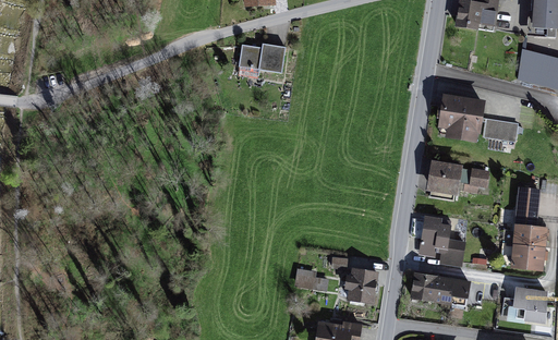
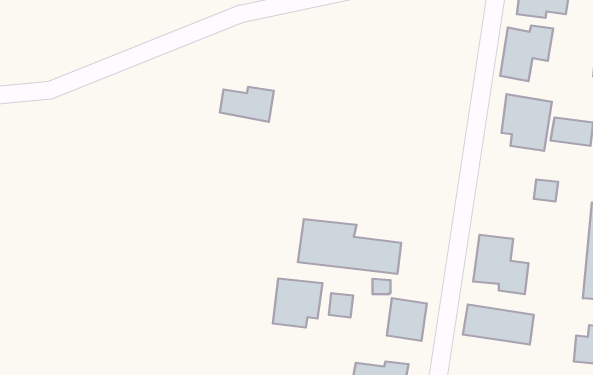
building: none -> [500,25,553,81]
building: [240,44,286,73] -> [220,87,274,122]
building: [427,160,461,194] -> none
building: none -> [298,219,401,274]
building: none -> [273,278,323,328]

